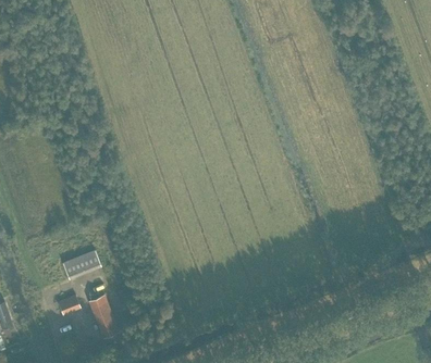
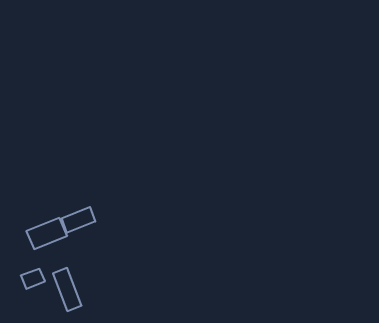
building: none -> [62,207,95,233]

